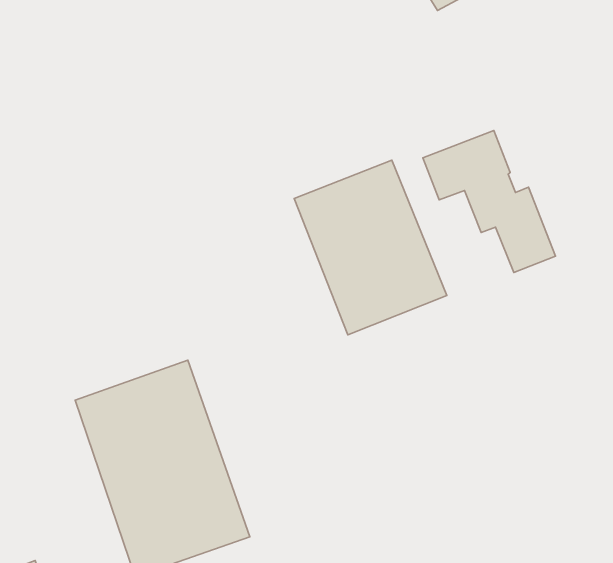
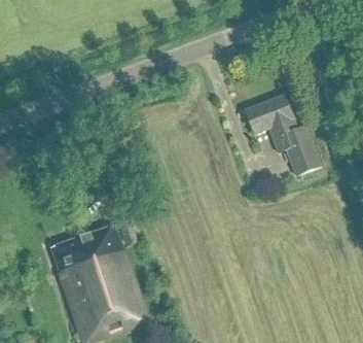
building: [294,160,447,335] -> none

